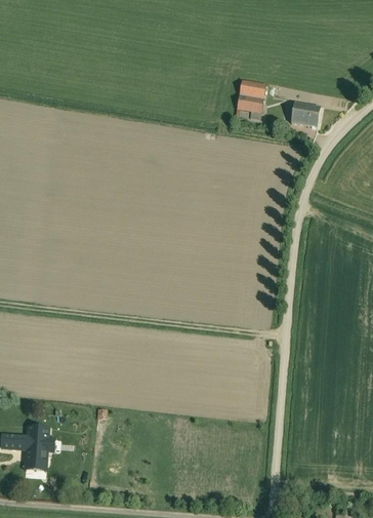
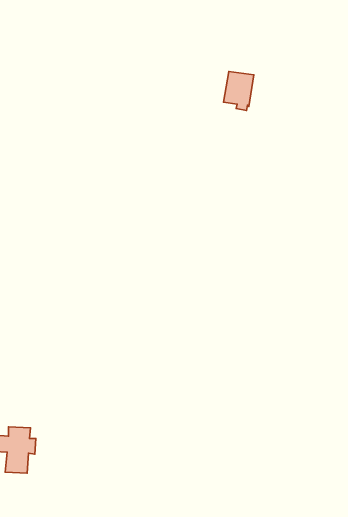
building: [289,103,319,127] -> none

